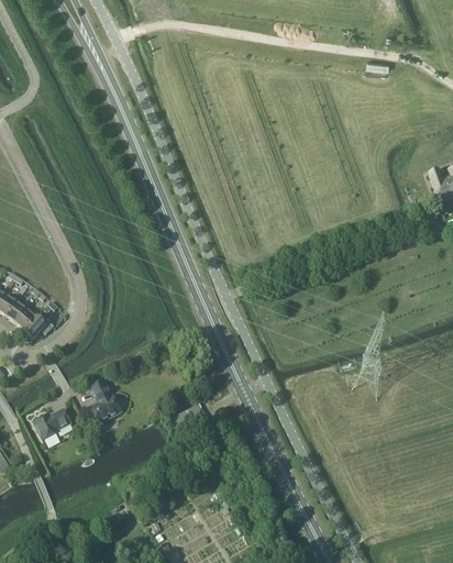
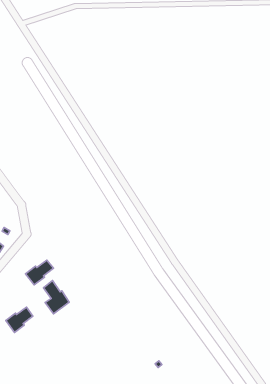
building: none -> [25,260,54,285]

